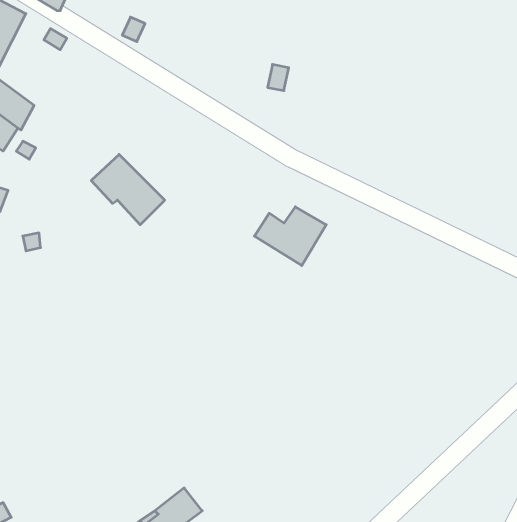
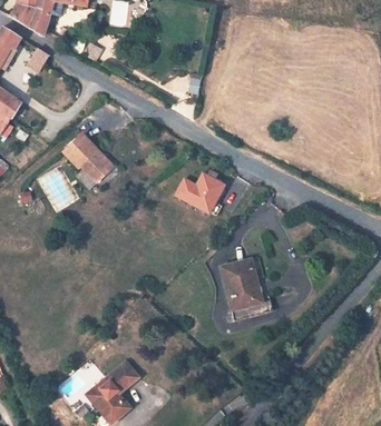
building: none -> [225,259,262,310]

